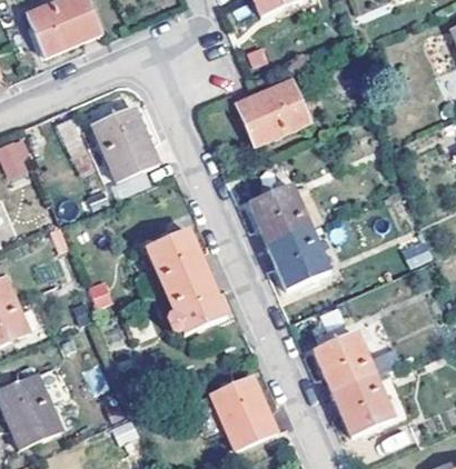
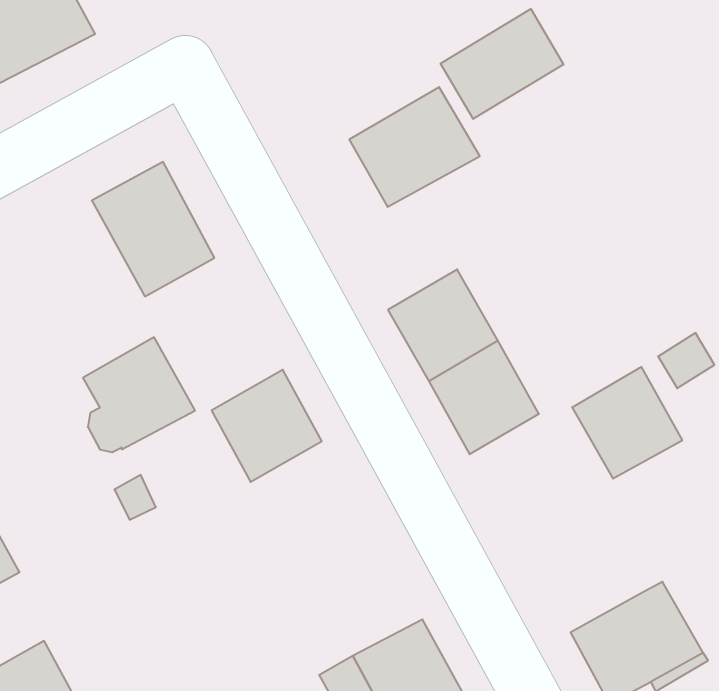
building: none -> [441,9,563,119]
building: [163,272,225,335] -> [83,337,195,452]
building: [316,332,376,393] -> [572,367,682,479]

